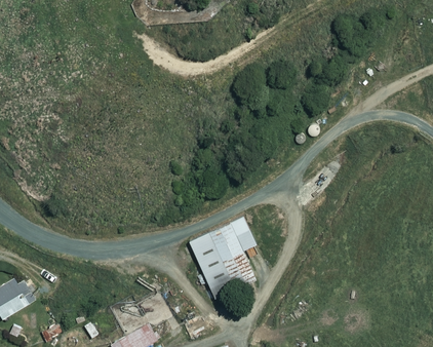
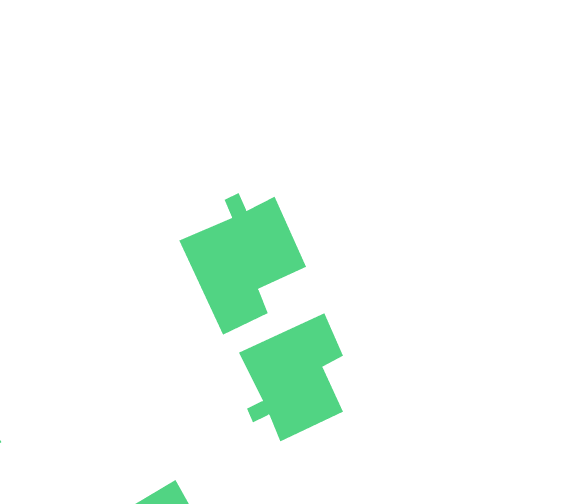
building: none -> [179,192,307,336]

